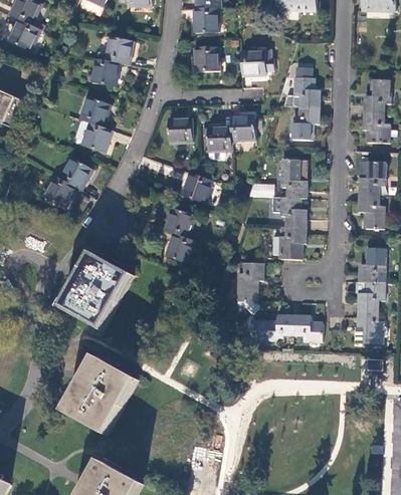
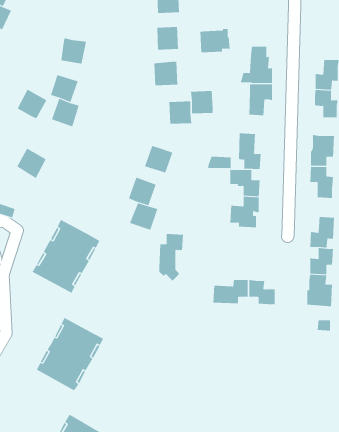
building: [105,37,134,63] -> none
building: [167,115,193,142] -> [154,61,178,86]
building: [60,157,92,189] -> [17,89,47,119]
building: [236,263,263,314] -> [158,233,184,281]

